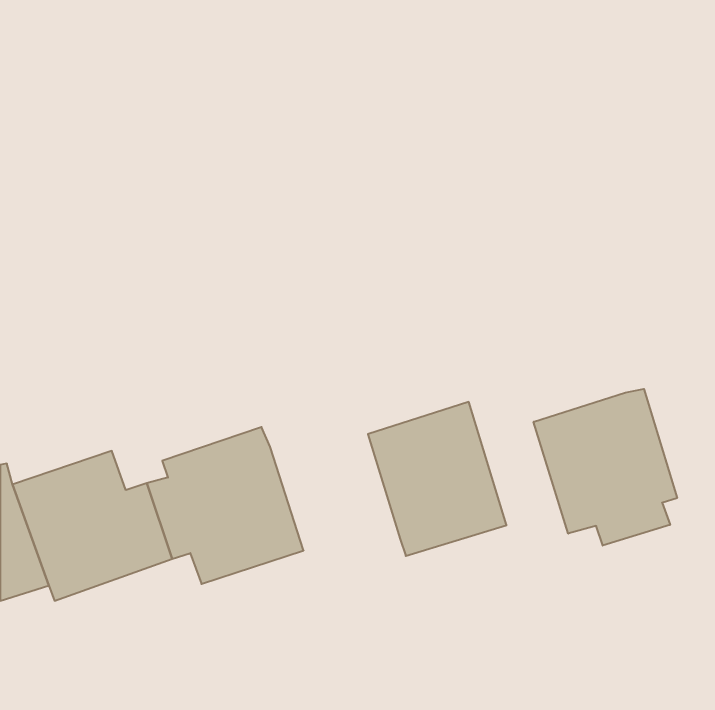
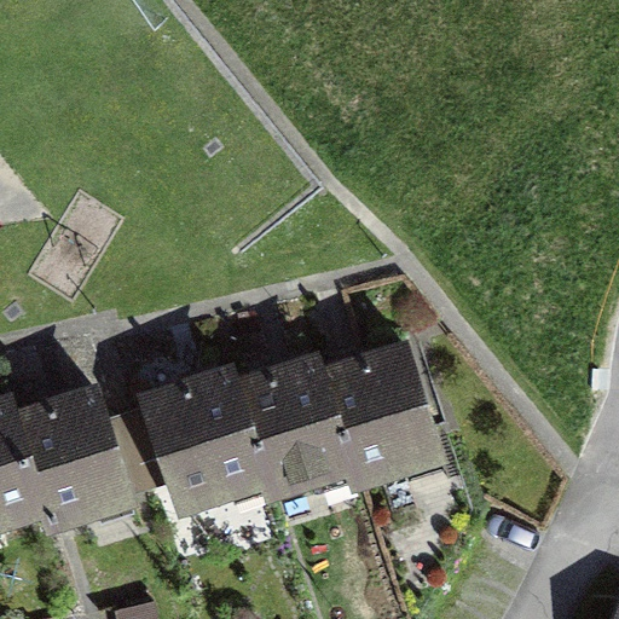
building: [534,389,677,546] -> none
building: none -> [233,365,346,496]

